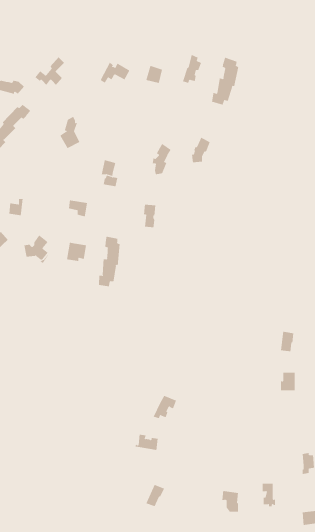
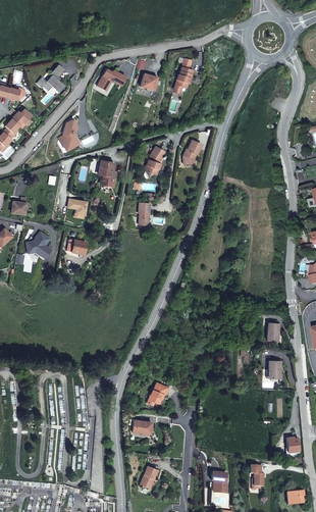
building: [211,57,239,105] -> none
building: [98,236,120,287] -> none

